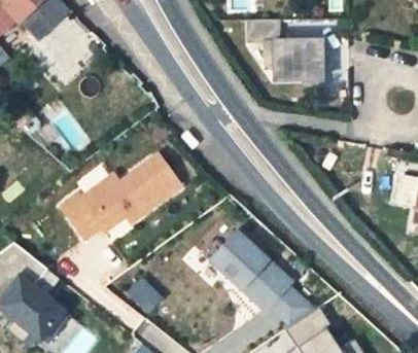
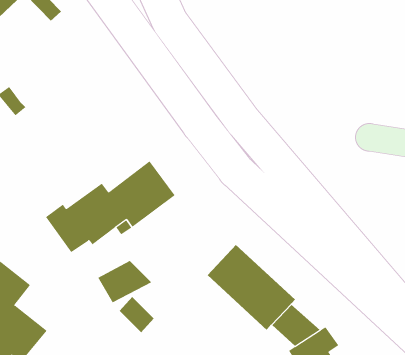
building: [254,20,328,84] -> none
building: none -> [98,260,152,303]

